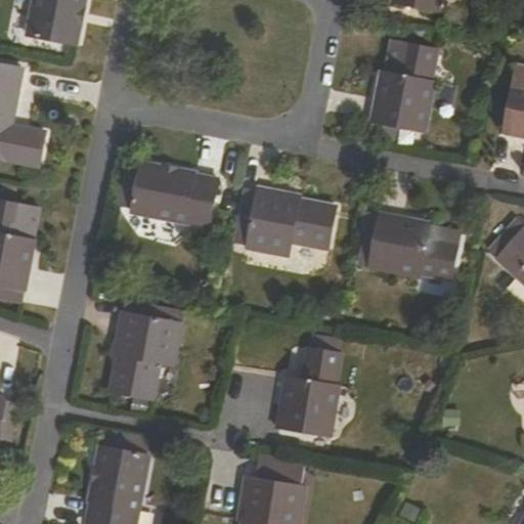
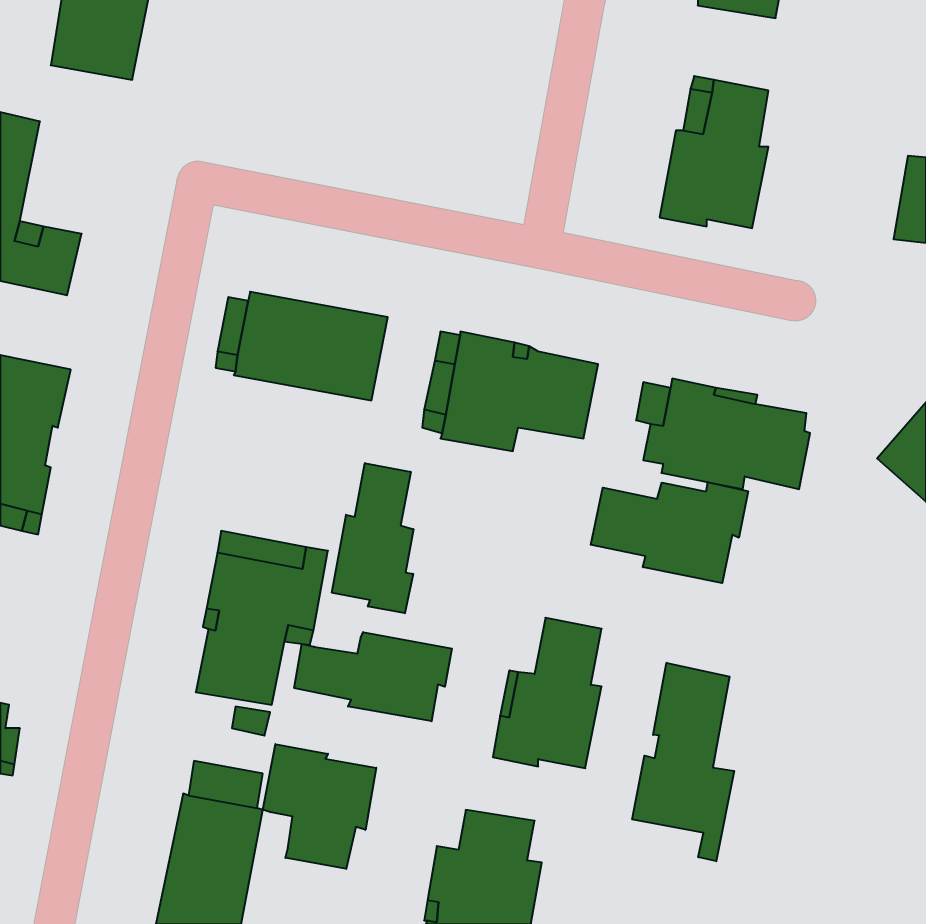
building: none -> [332,463,413,613]
building: none -> [591,482,748,583]
building: none -> [294,632,452,721]
building: none -> [632,663,734,861]
building: none -> [263,744,376,869]

